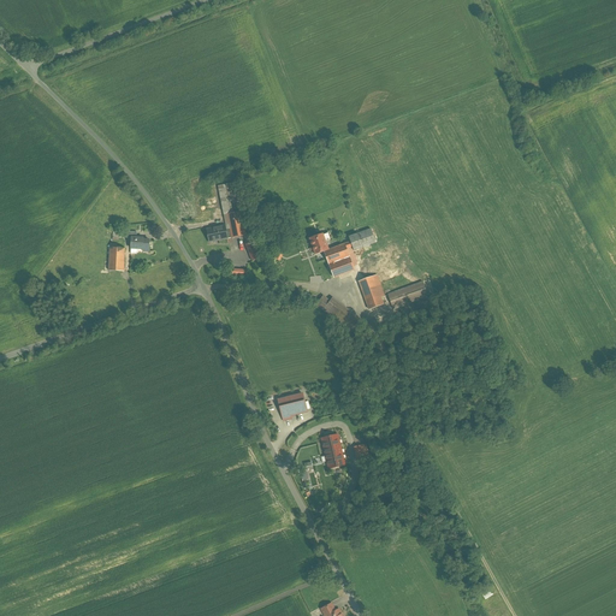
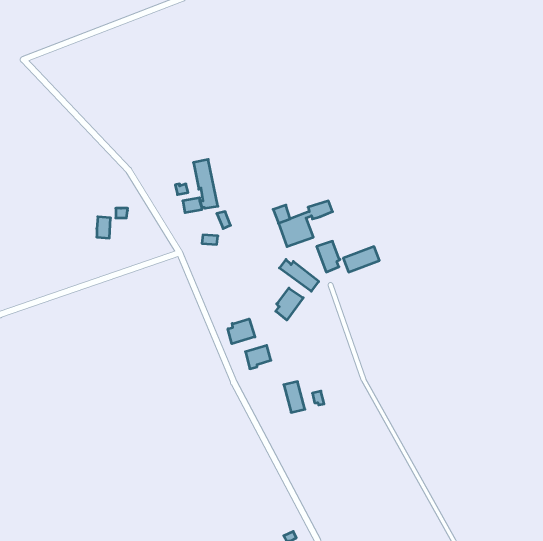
building: none -> [276,288,303,320]
building: none -> [228,319,255,344]

